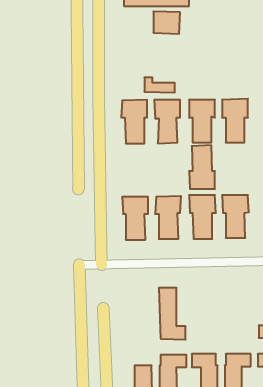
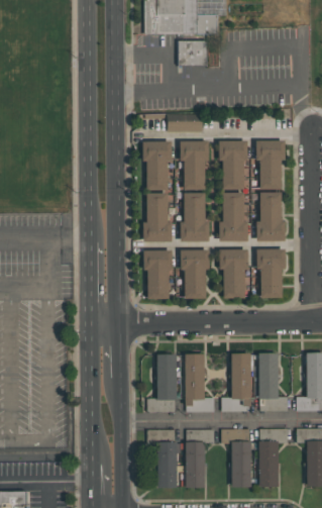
building: none -> [181,192,210,241]
building: none -> [256,192,286,241]
building: none -> [143,193,173,242]
building: none -> [222,352,251,411]
building: none -> [147,353,178,412]
building: none -> [259,353,289,410]

